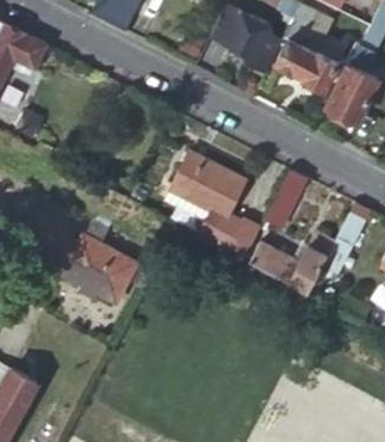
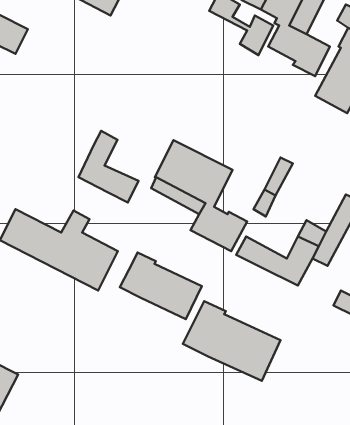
building: none -> [79,131,139,203]
building: none -> [120,253,202,319]
building: none -> [183,301,281,381]

